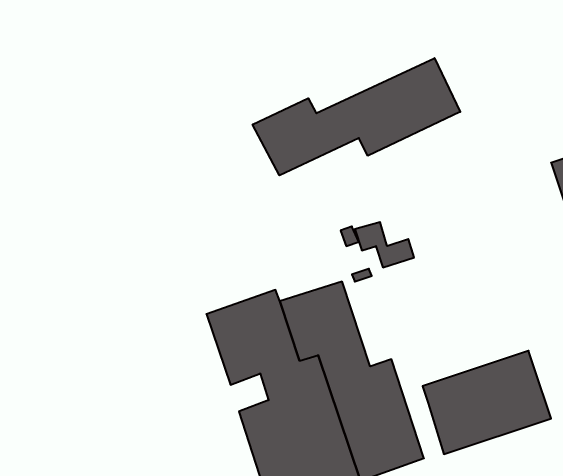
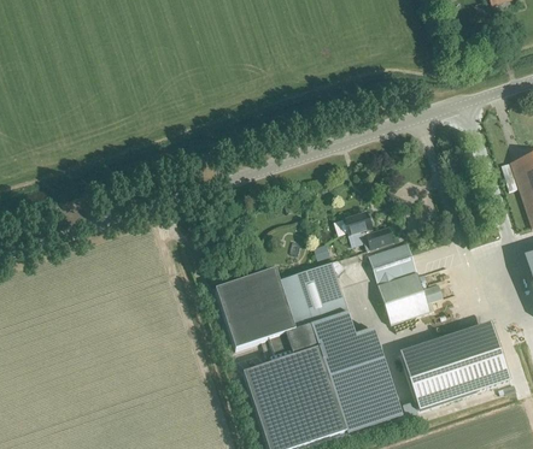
building: [253,58,460,175] -> none
building: none -> [369,243,430,324]

